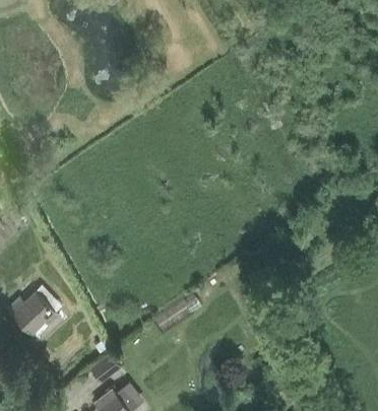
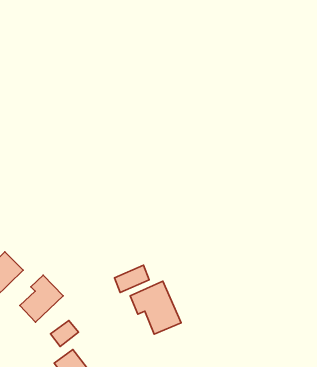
building: none -> [20,275,63,322]
building: none -> [130,281,181,334]

